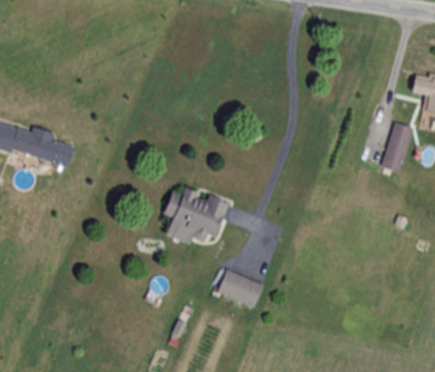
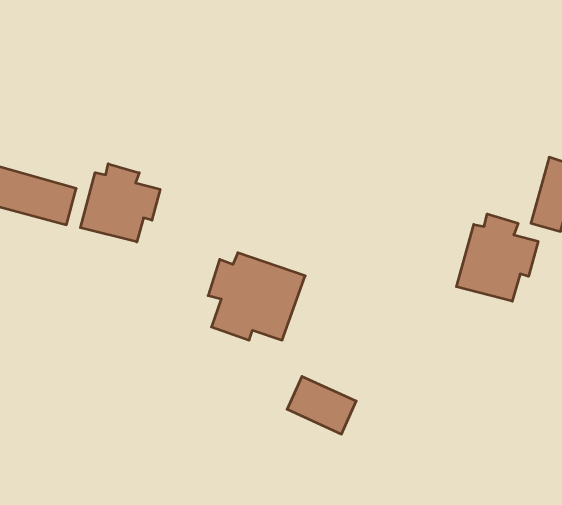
building: none -> [80,164,160,242]
building: none -> [456,214,538,301]

